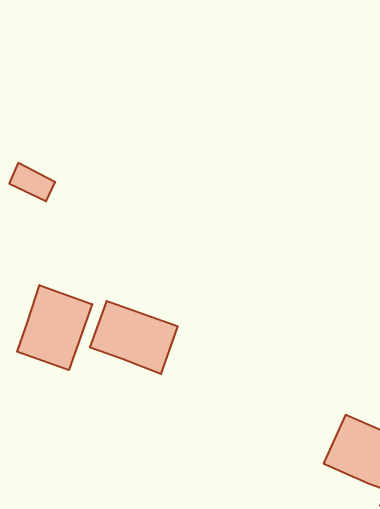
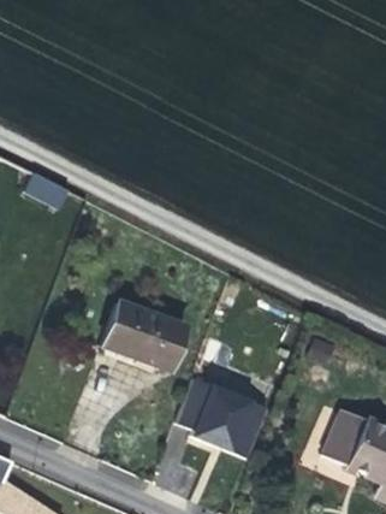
building: [17,285,92,370] -> none
building: none -> [183,376,267,457]

